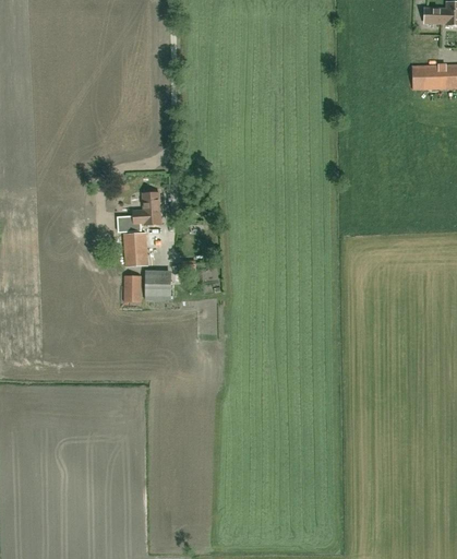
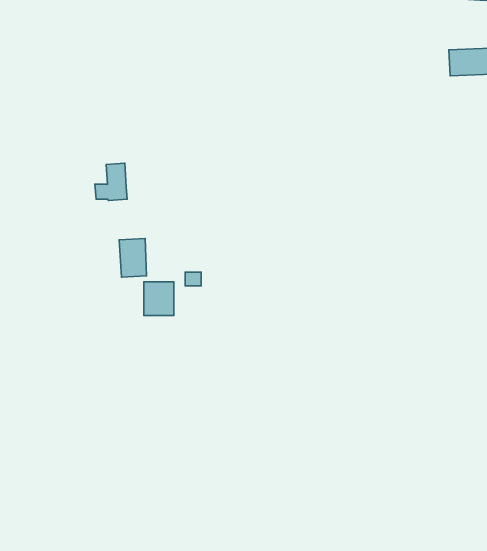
building: [133,192,161,225] -> [95,163,127,200]
building: [123,275,141,302] -> none

